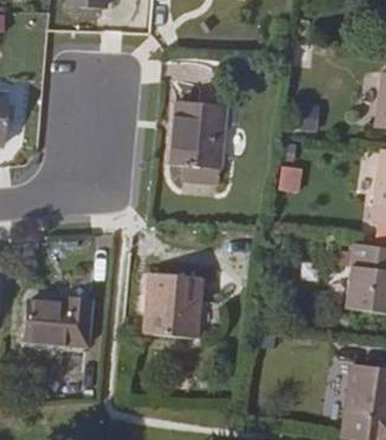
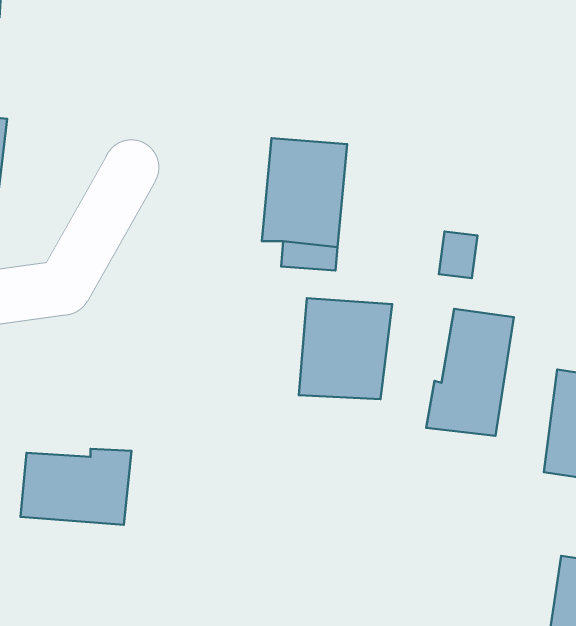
building: none -> [426,309,514,436]
building: [144,272,202,334] -> [299,298,392,399]

